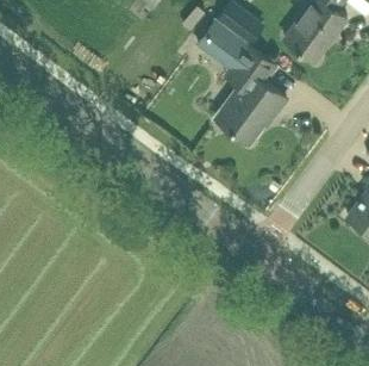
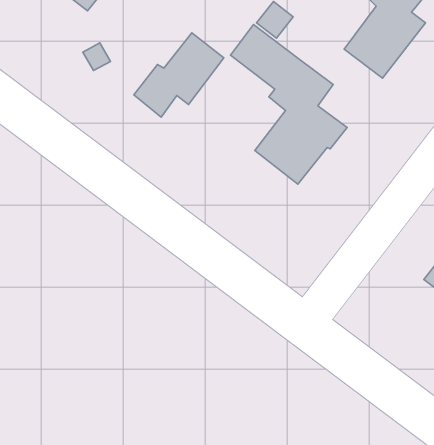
building: none -> [134,33,224,117]

